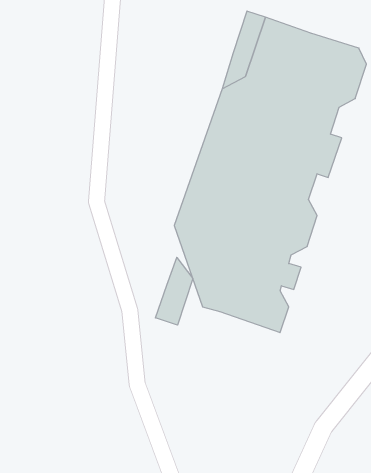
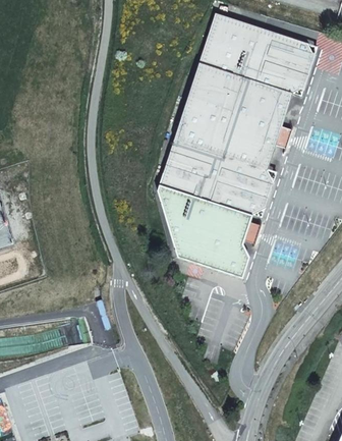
building: [155,257,193,325] -> none

